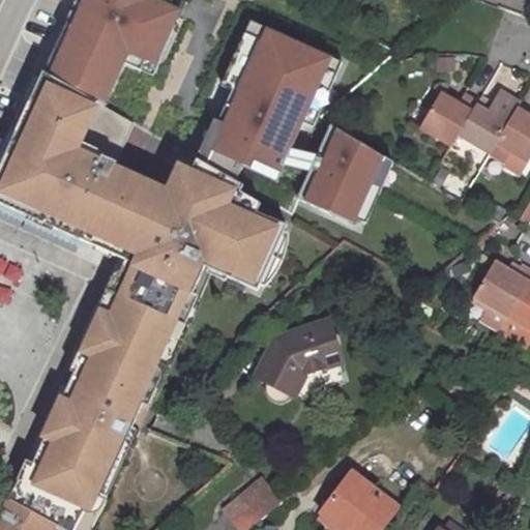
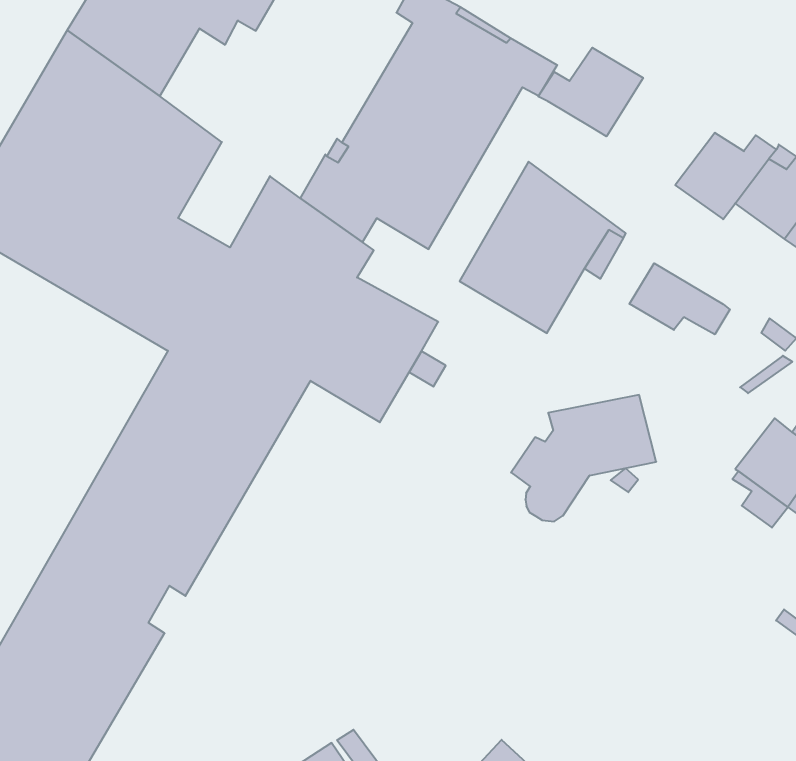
building: none -> [538,48,643,136]
building: none -> [629,263,730,334]
building: [252,321,338,403] -> [511,395,656,521]

